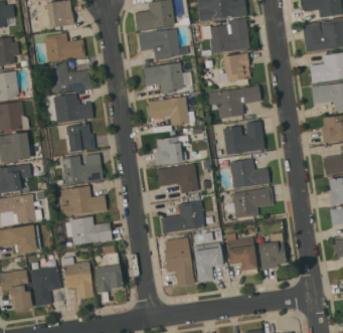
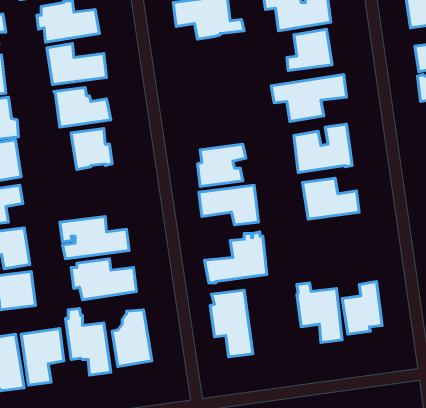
building: [143,62,192,95] -> none
building: [147,97,195,126] -> none
building: [53,154,103,185] -> none
building: [226,187,273,218] -> none
building: [193,242,223,283] -> none

